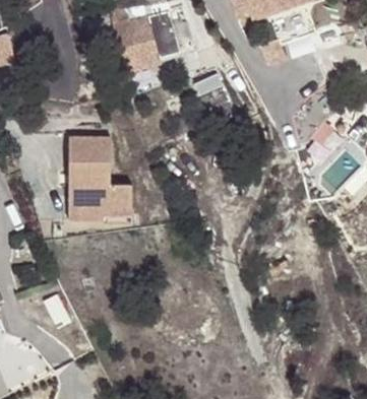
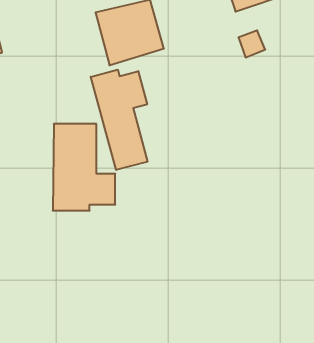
building: none -> [91,70,147,170]

